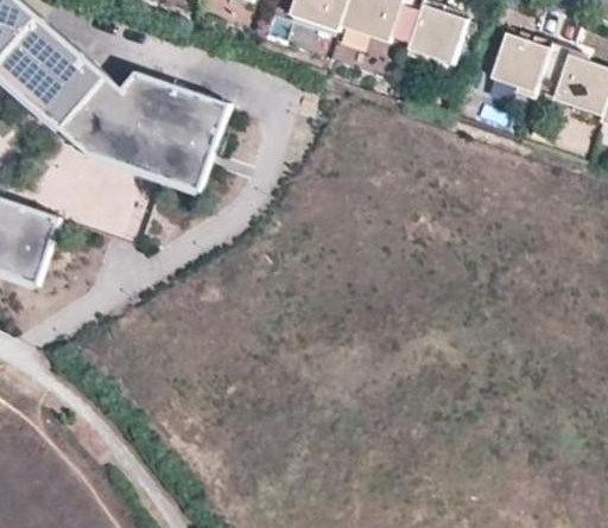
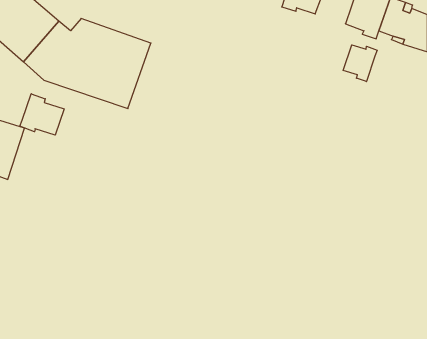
building: none -> [343,45,377,82]
building: none -> [20,94,64,135]

